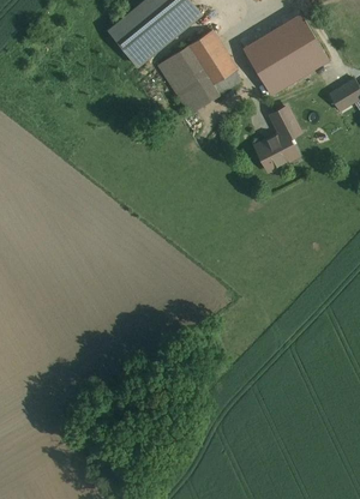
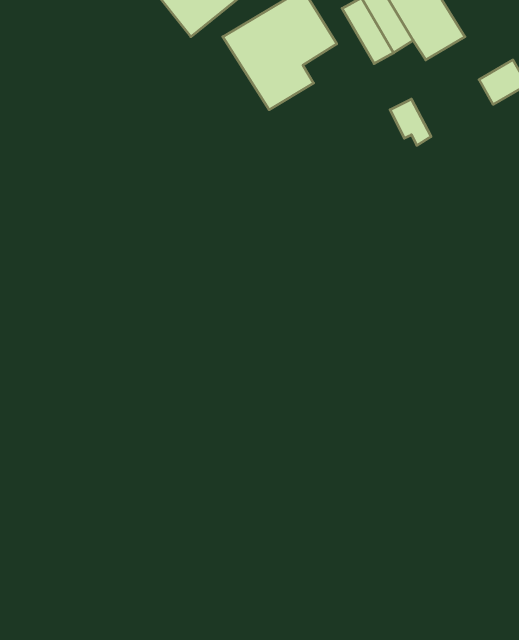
building: [257,131,299,170] -> none

